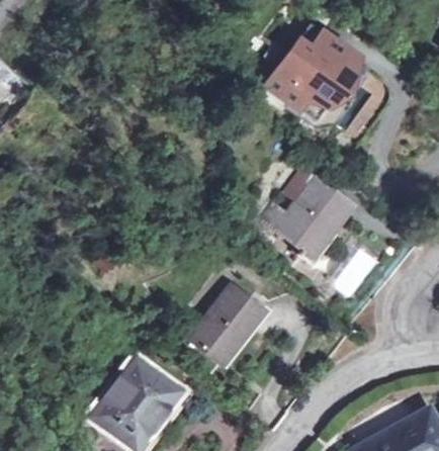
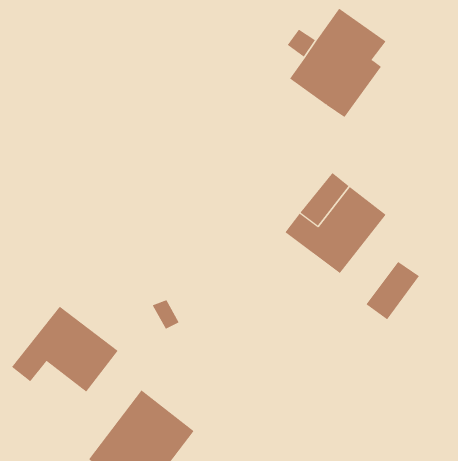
building: [295,53,368,128] -> none
building: none -> [11,306,118,393]
building: [189,284,263,364] -> none

